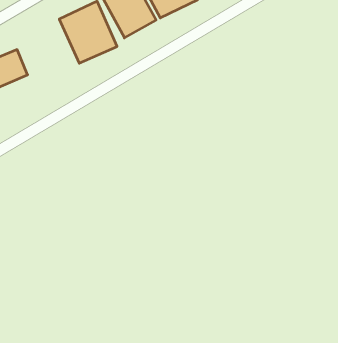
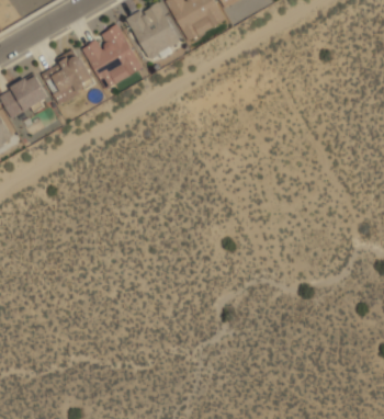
building: none -> [41,52,95,103]

